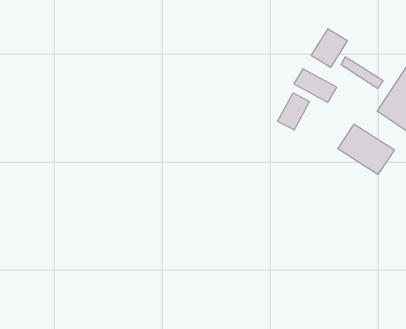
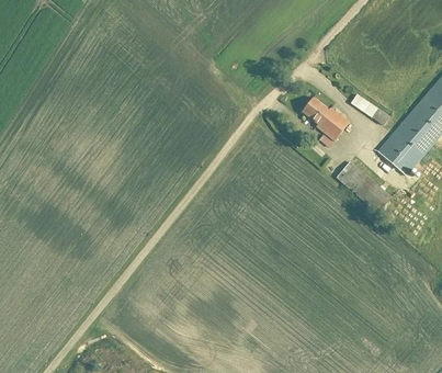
building: [311,29,347,67] -> none
building: [278,93,310,130] -> none

